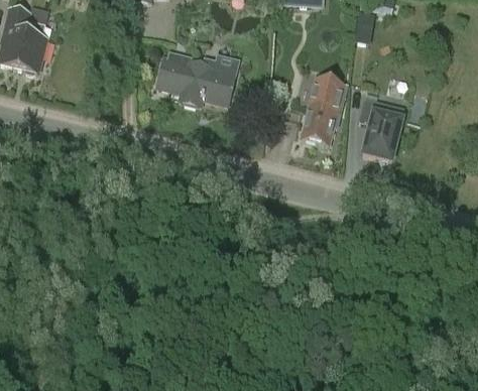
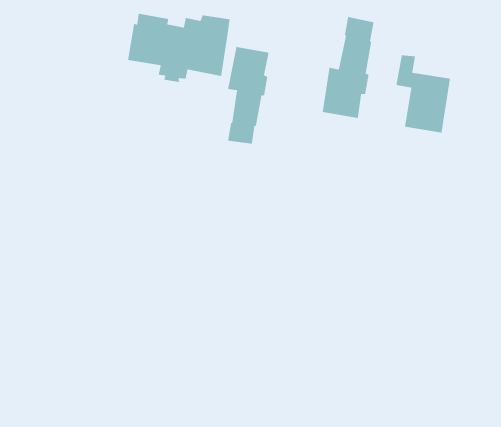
building: none -> [227,46,270,145]

